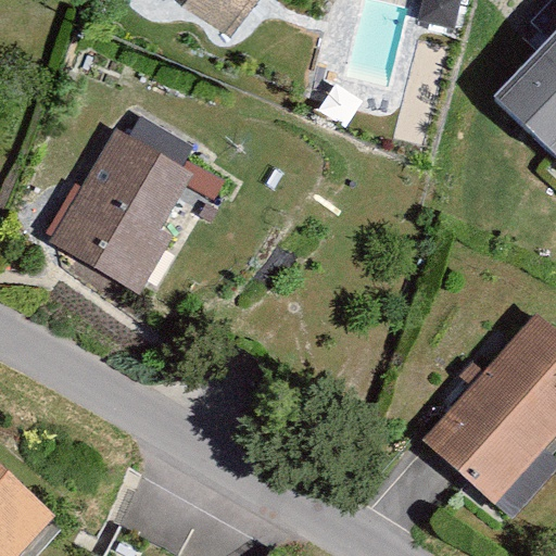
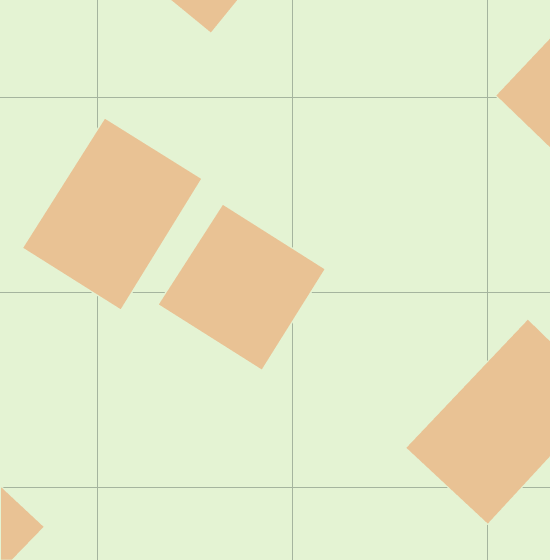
building: none -> [158,204,326,370]

